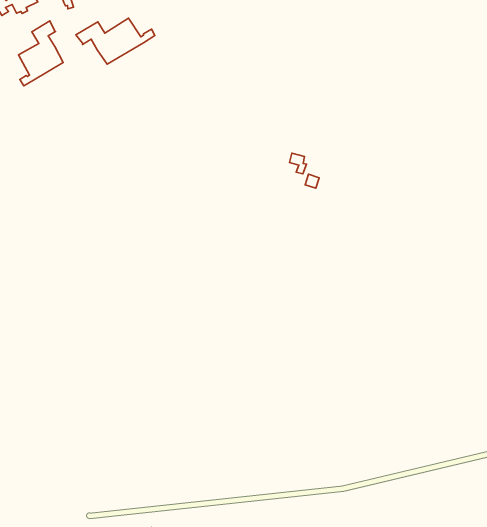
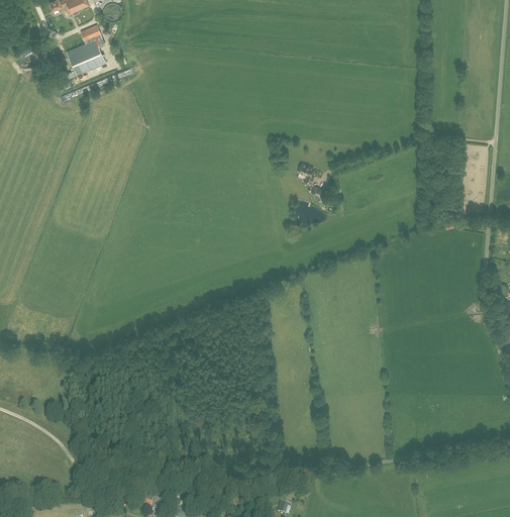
building: [76,18,155,64] -> none

